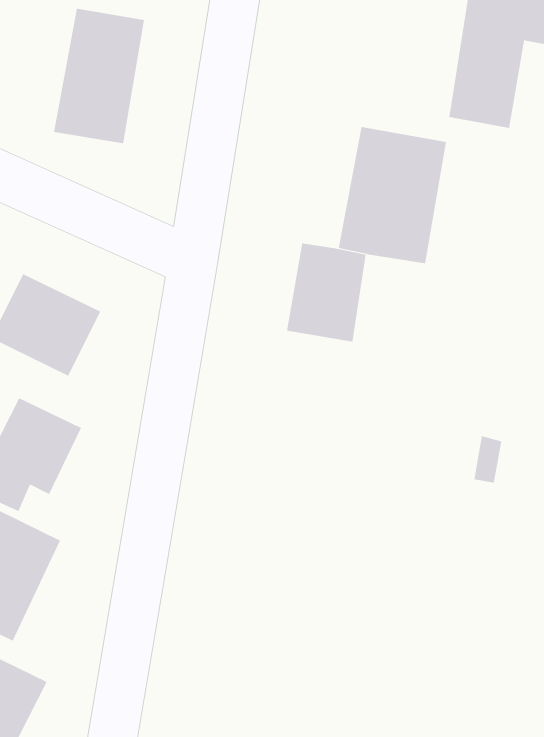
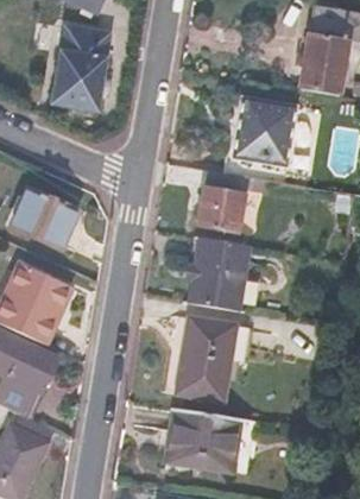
building: none -> [190,235,253,310]
building: none -> [178,317,236,400]
building: none -> [166,406,254,472]

